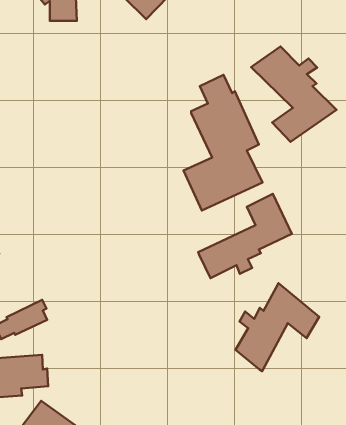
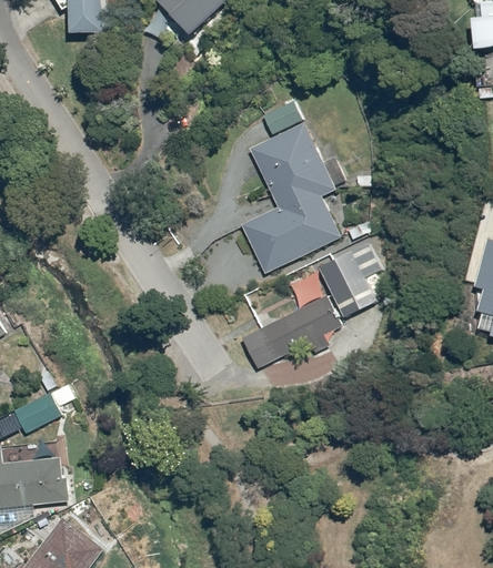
building: [251,46,336,142] -> none
building: [236,283,319,371] -> none

